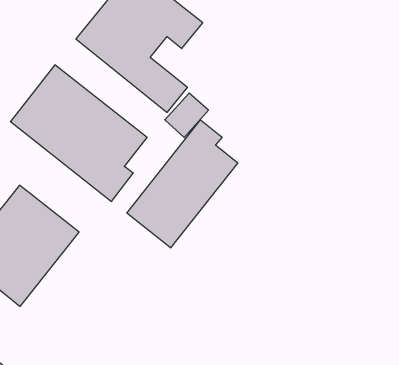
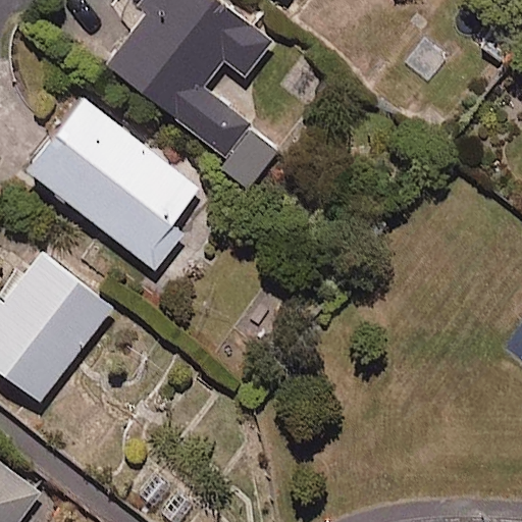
building: [127,120,238,248] -> none

